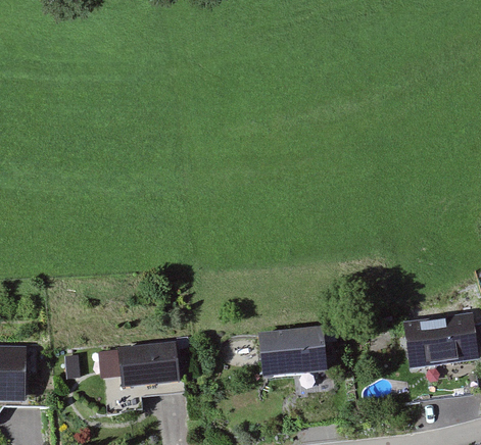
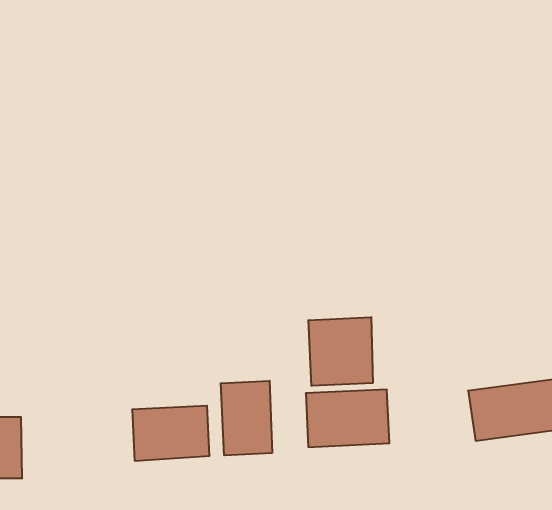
building: none -> [309,317,373,386]
building: none -> [221,381,272,455]

